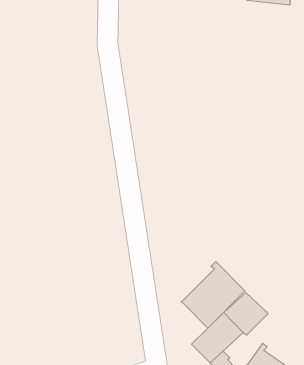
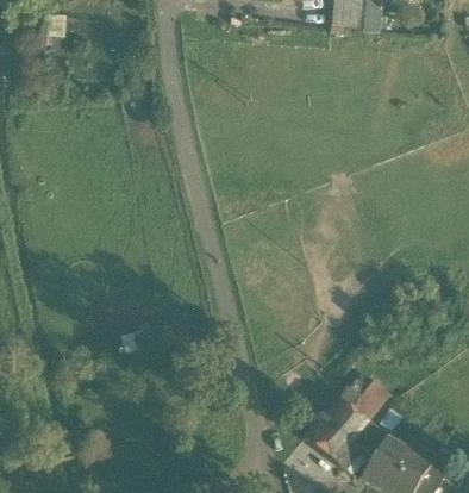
building: [181,262,245,328] -> none

